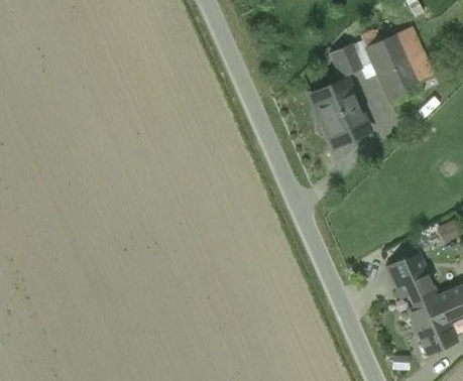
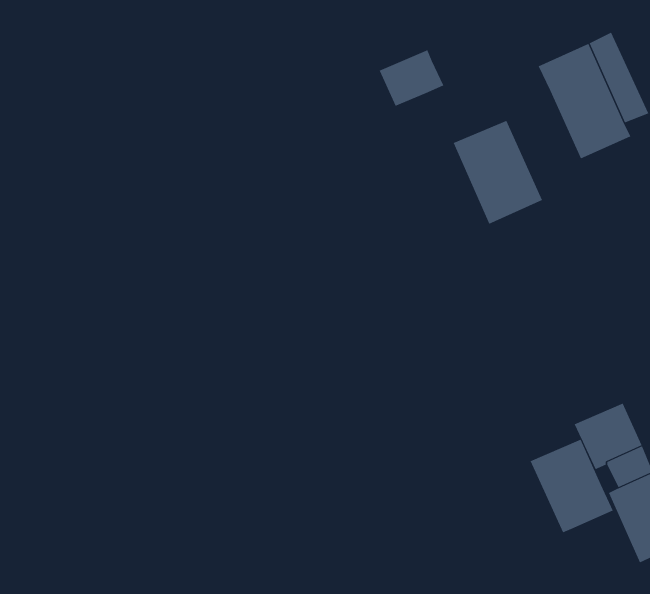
building: [332,39,372,75] -> [379,49,444,107]
building: none -> [530,439,614,533]

